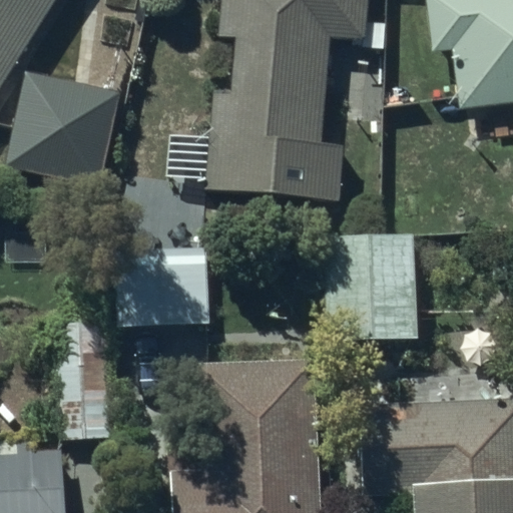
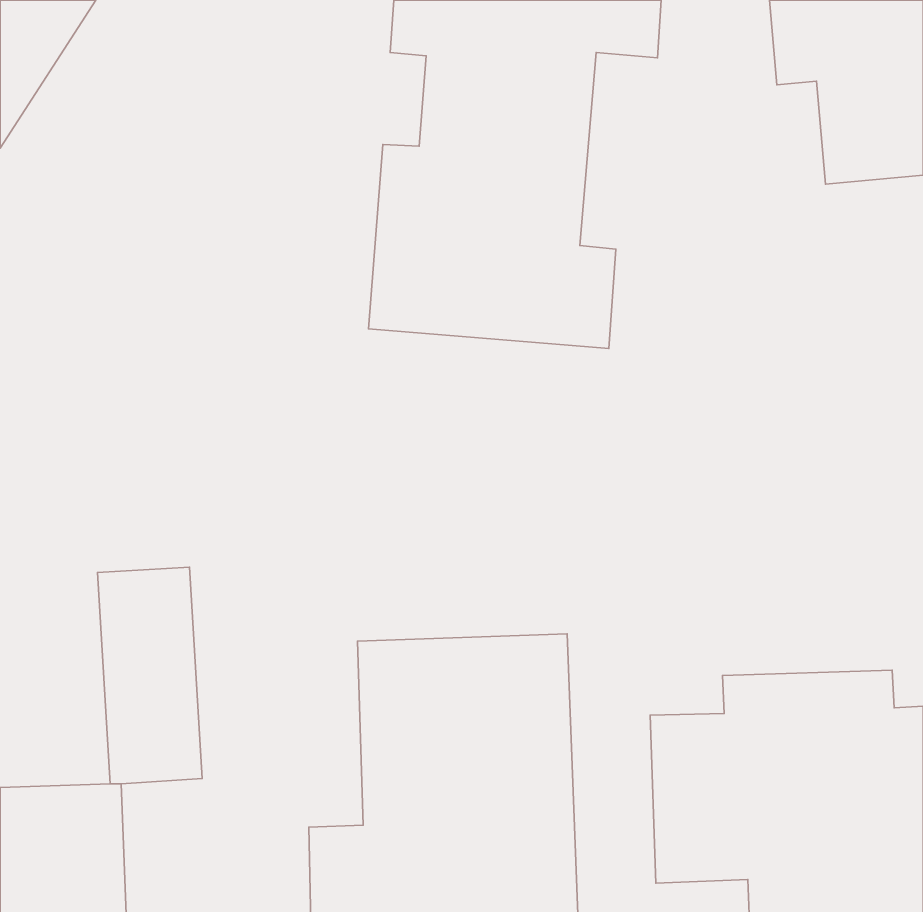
building: [4,68,121,186] -> none
building: [324,229,419,338] -> none
building: [113,244,209,327] -> none

